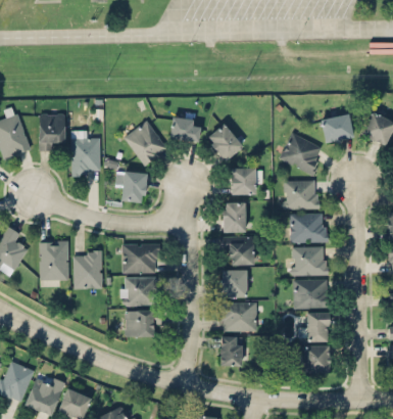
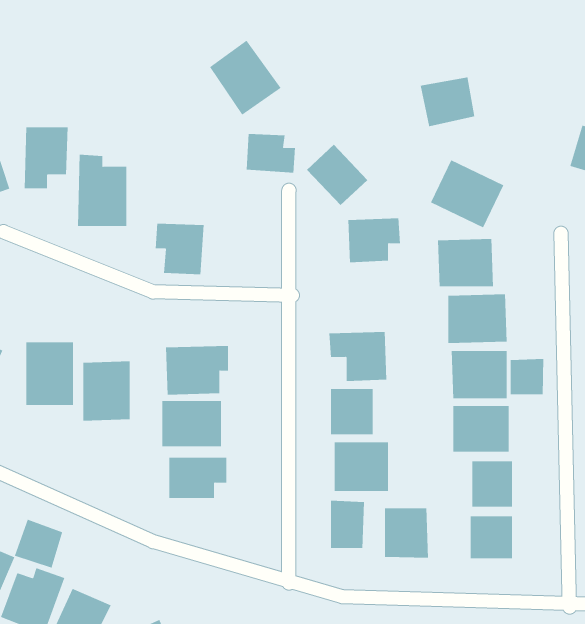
building: [321,114,353,144] -> [420,77,475,127]
building: [125,121,167,166] -> [209,40,281,115]
building: [223,202,246,233] -> none
building: none -> [510,358,544,395]
building: none -> [384,507,428,558]
building: none -> [14,519,63,568]

